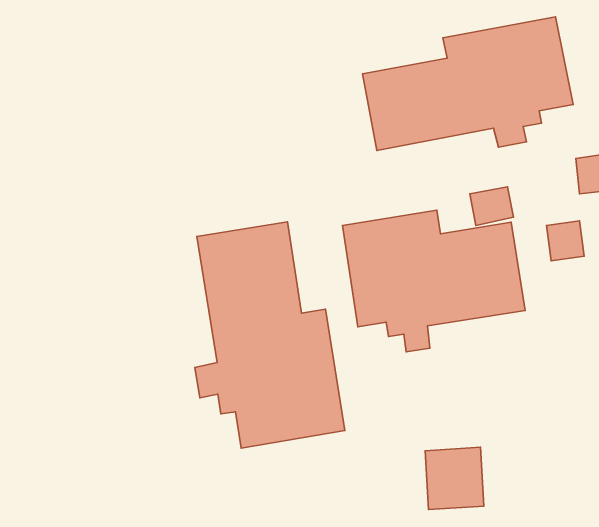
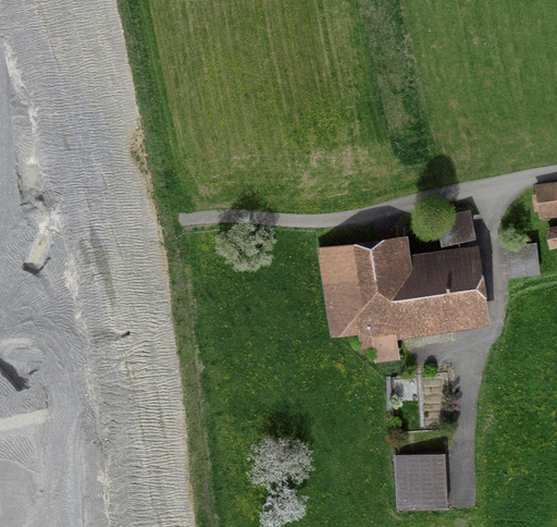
building: [362,17,573,150] -> none
building: [195,222,345,448] -> none

